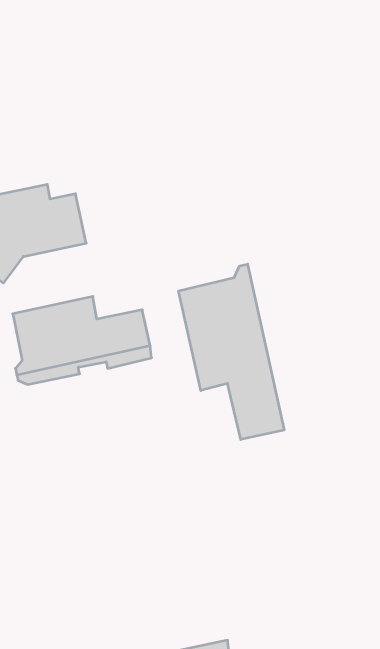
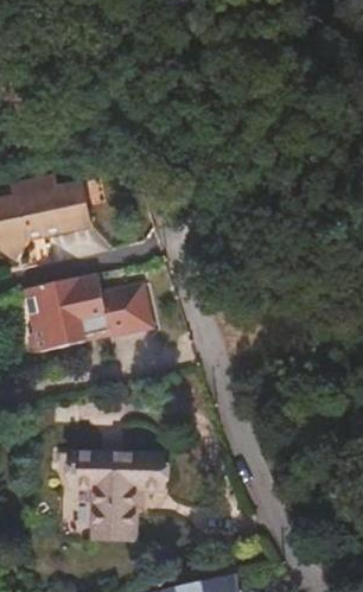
building: [179,264,284,440] -> none
building: none -> [65,454,154,536]

